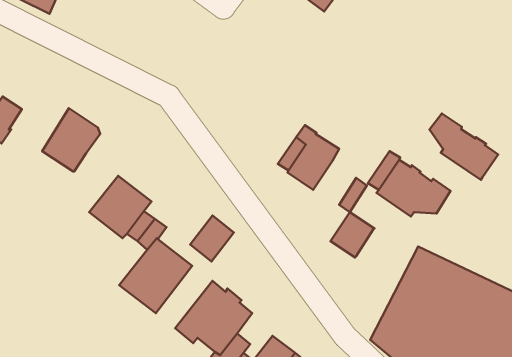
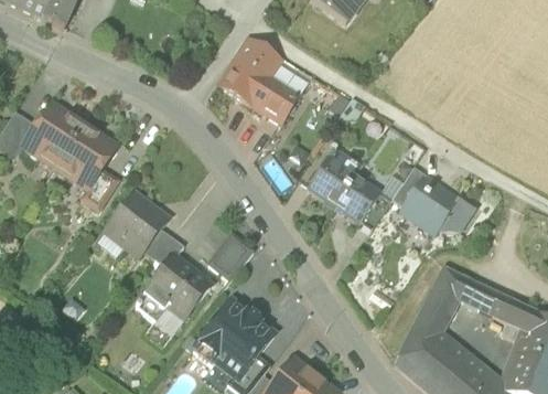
building: none -> [217,35,301,124]
building: none -> [22,104,84,167]
building: [430,114,498,180] -> none
building: none -> [80,169,119,210]
building: [330,212,374,257] -> [335,177,380,223]

